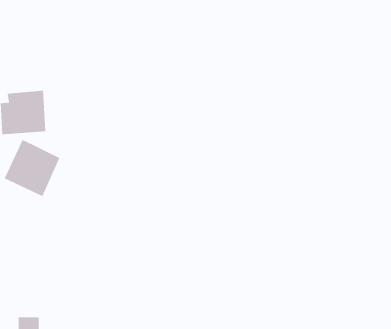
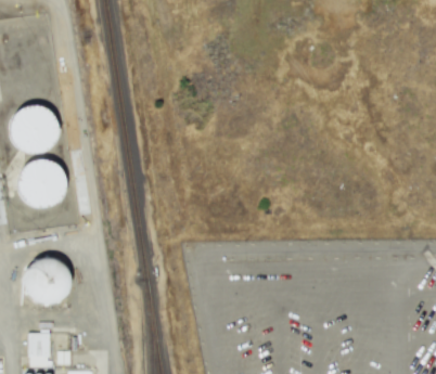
building: none -> [17,252,76,310]

